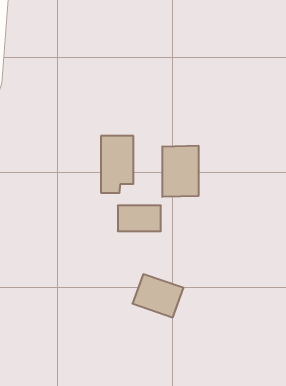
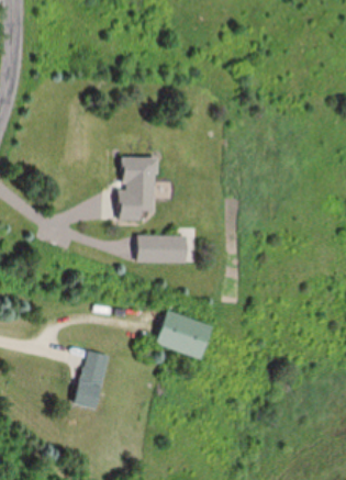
building: [162,146,198,197] -> none
building: none -> [75,351,108,410]

